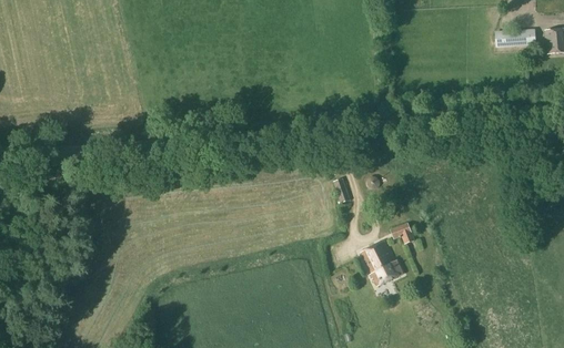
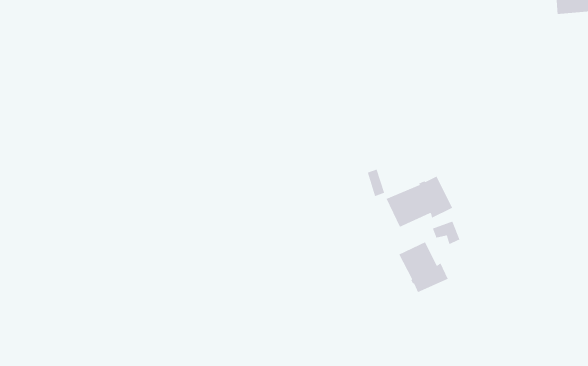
building: none -> [386,175,453,228]

